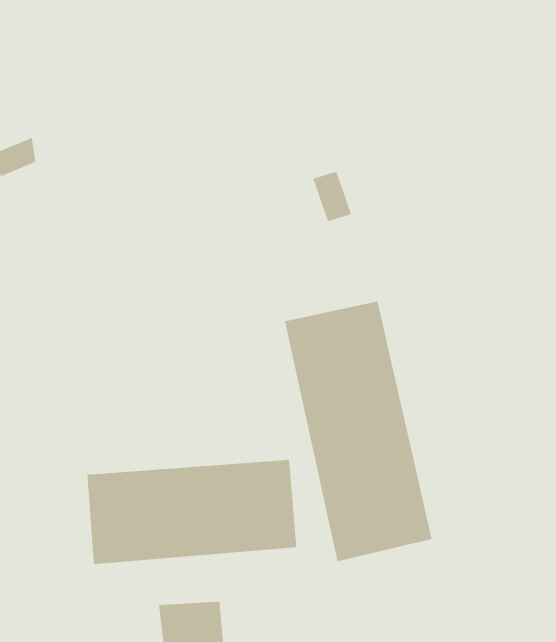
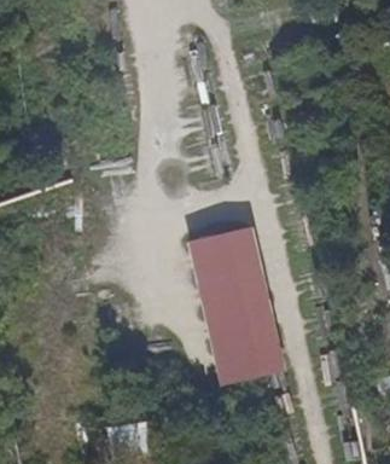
building: [87,459,297,565] -> none

